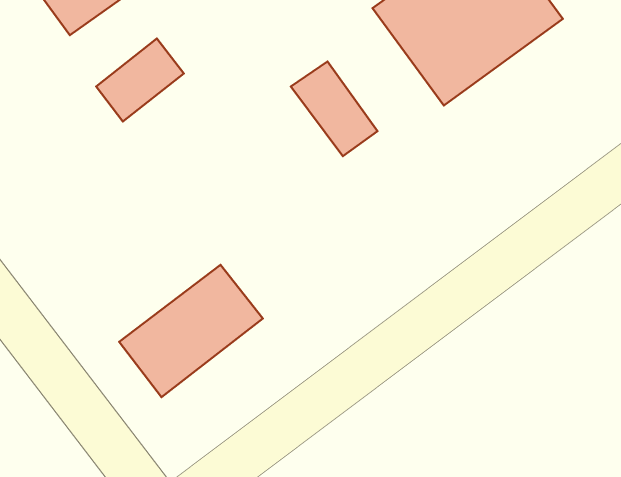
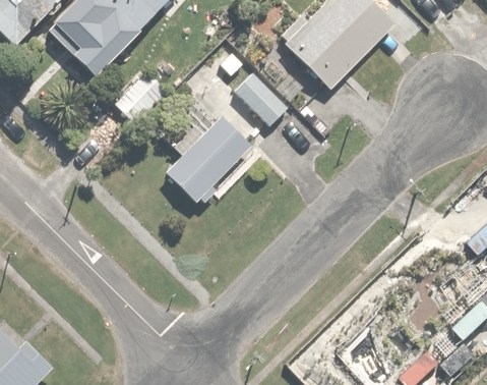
building: [119,265,263,397] -> [168,114,254,201]

